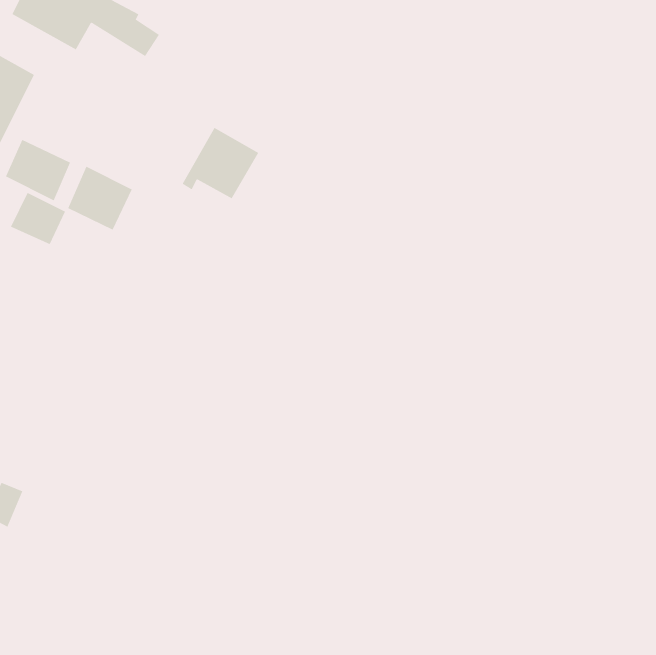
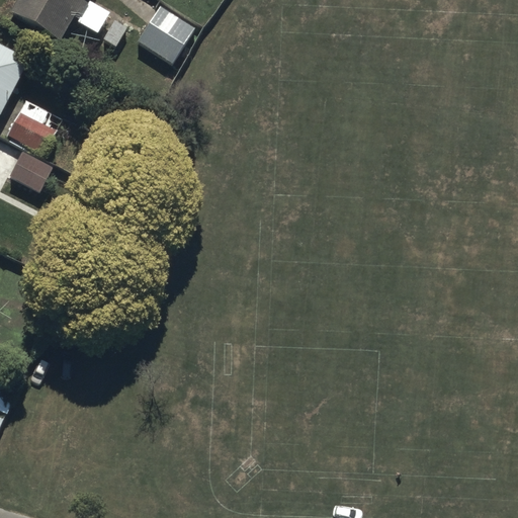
building: [182,127,259,199] -> [133,5,193,62]
building: [68,166,132,231] -> none

